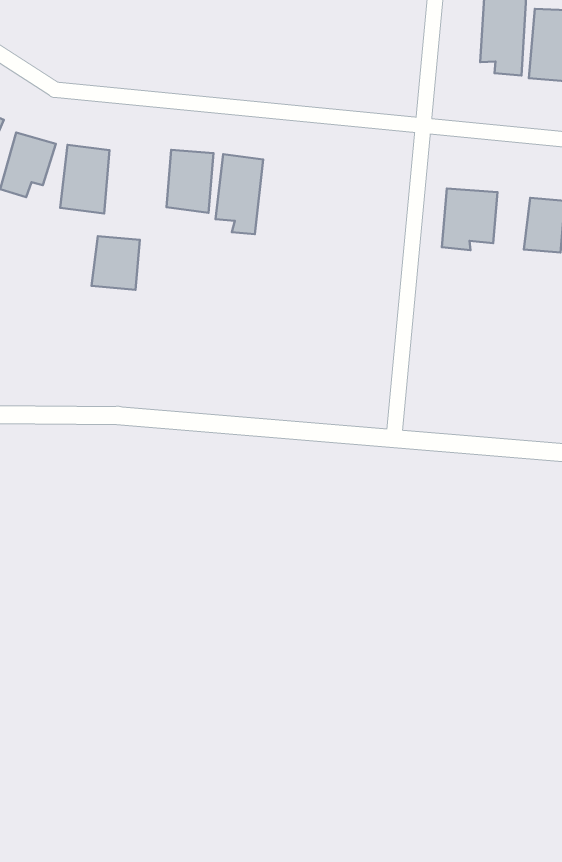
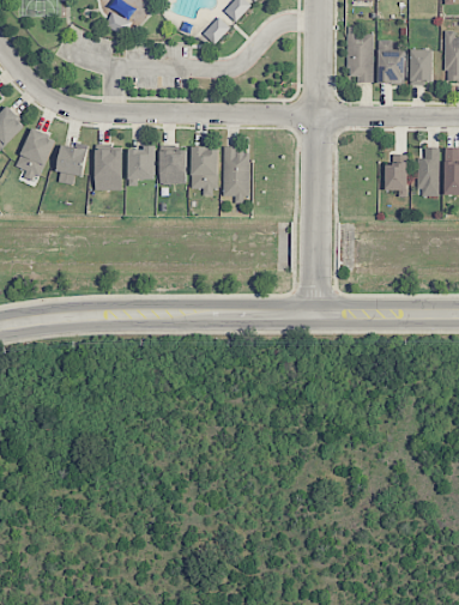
building: none -> [222,146,249,200]
building: [442,188,497,250] -> none
building: [92,236,140,290] -> [127,147,155,179]

